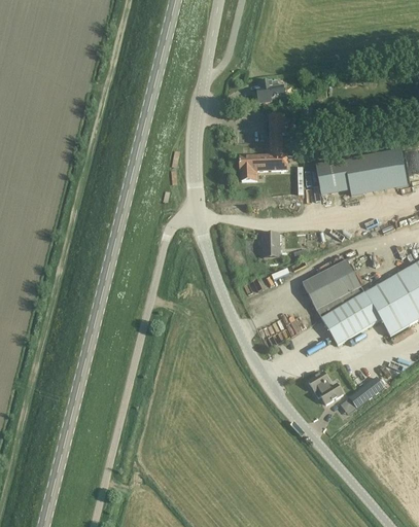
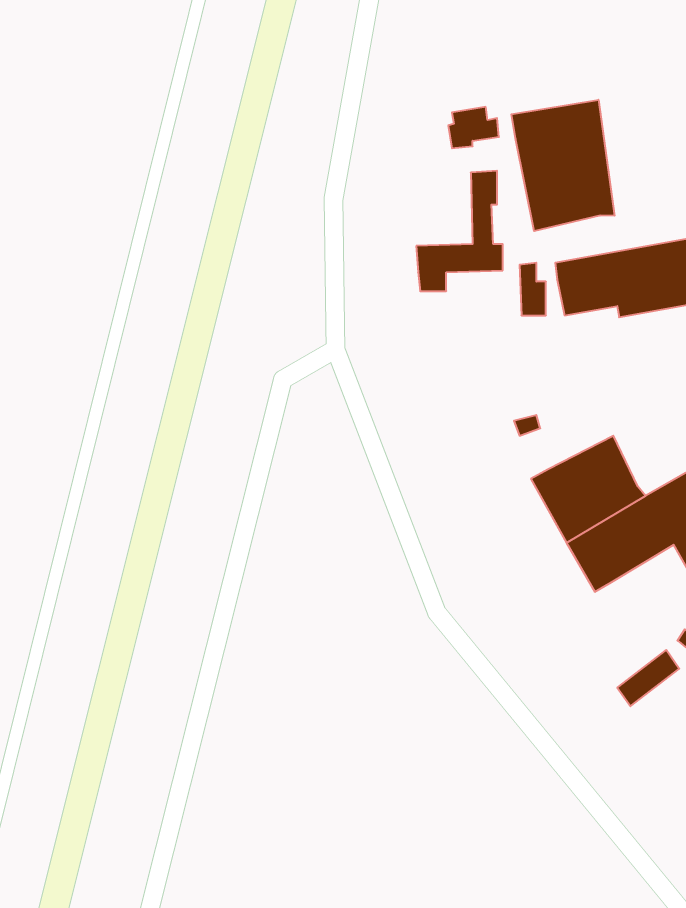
building: none -> [511,100,615,231]
building: [263,232,280,255] -> none
building: [309,371,343,402] -> none

